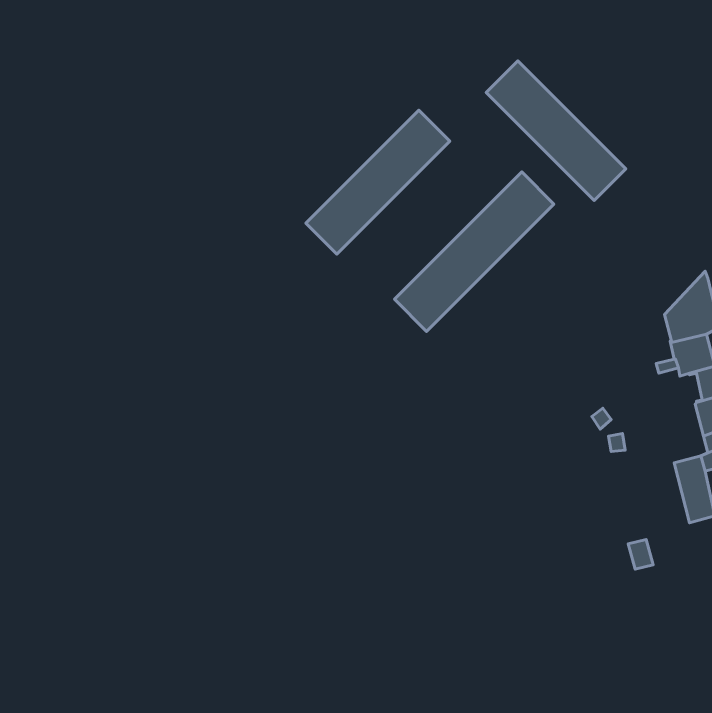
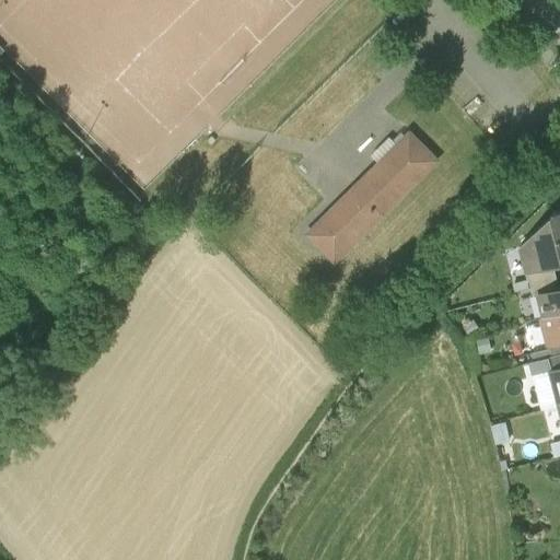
building: [486,61,626,201] -> none
building: [306,110,450,254] -> none

